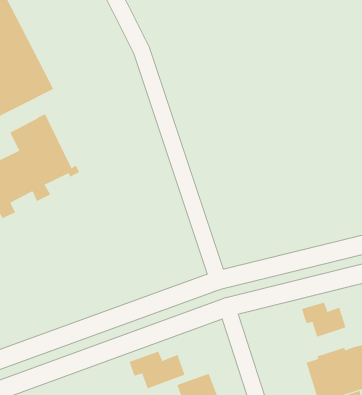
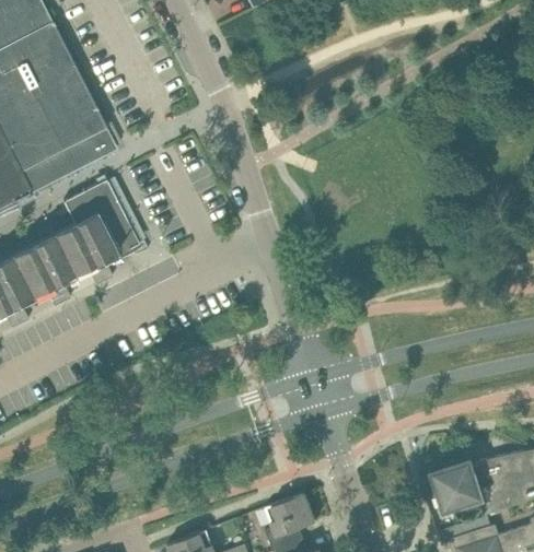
building: [301,302,346,338] -> none
building: [129,351,185,389] -> none

